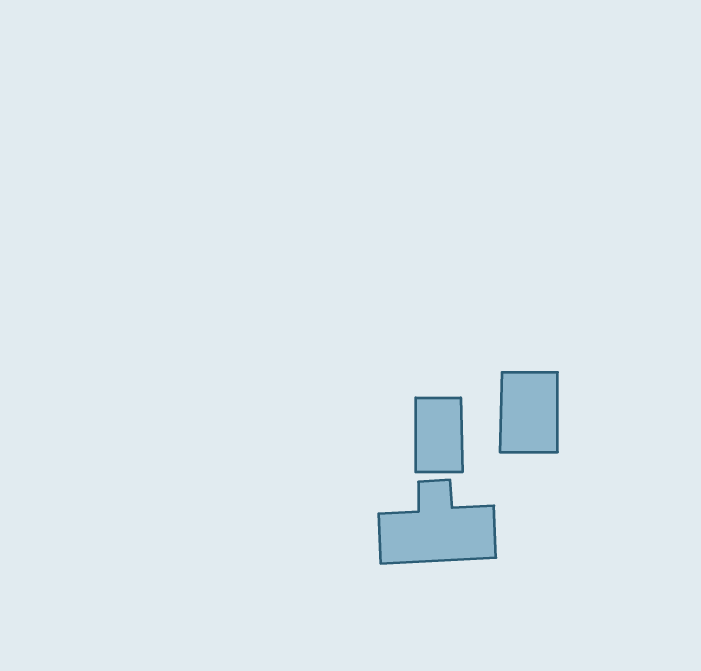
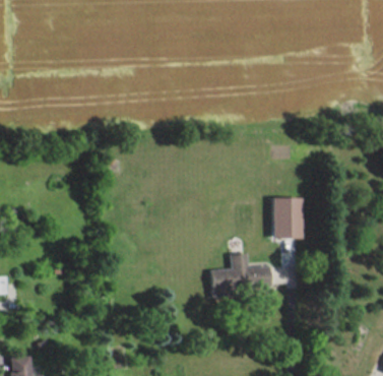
building: [416,398,462,472] -> none

